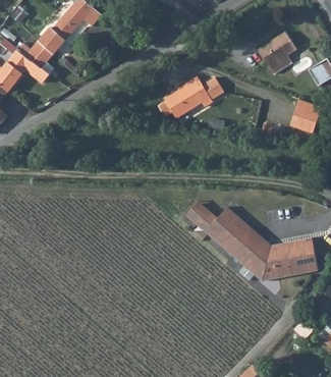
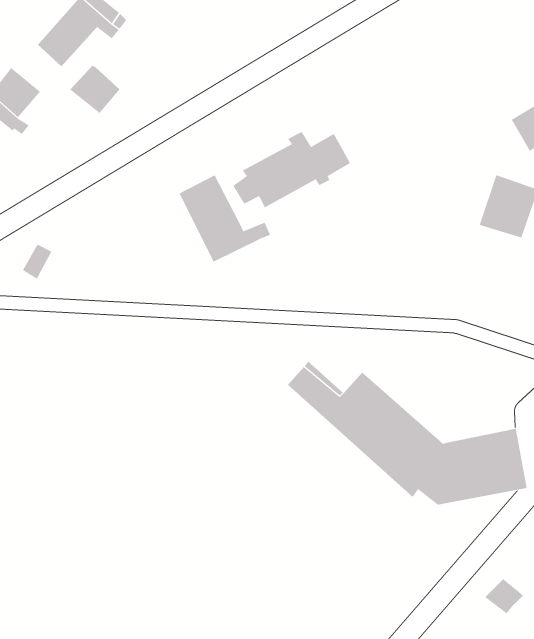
building: [37,28,64,54] -> [70,65,120,114]
building: [256,32,296,74] -> none
building: none -> [179,174,271,263]

